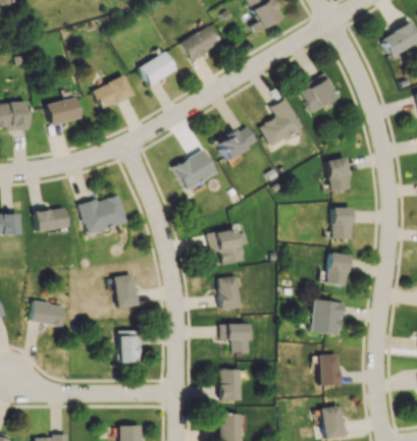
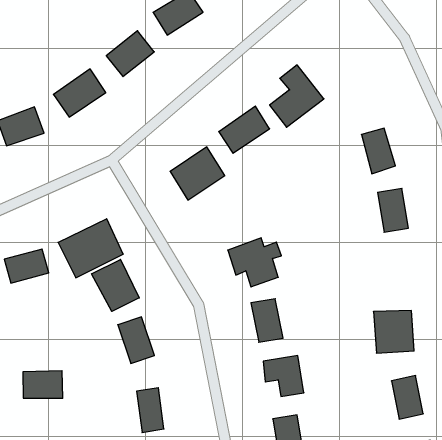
building: [300,76,337,112] -> none
building: none -> [92,259,139,311]
building: [327,253,350,286] -> none

